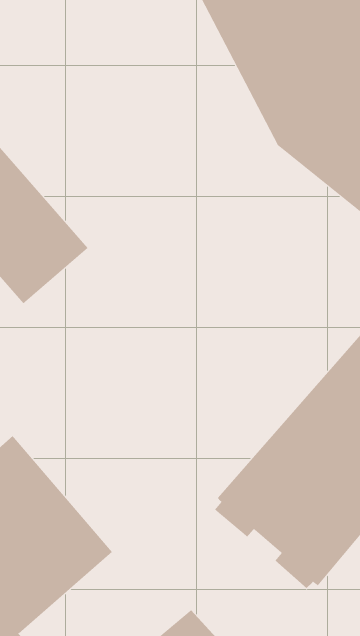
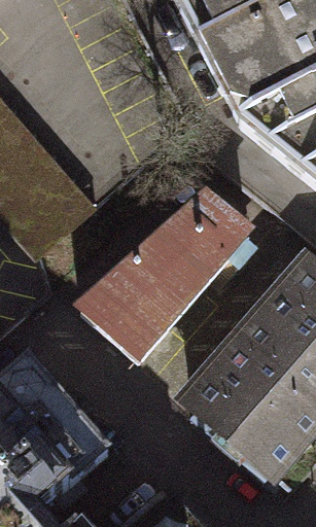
building: none -> [79,195,250,355]

